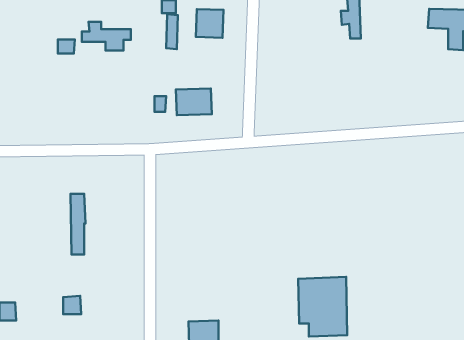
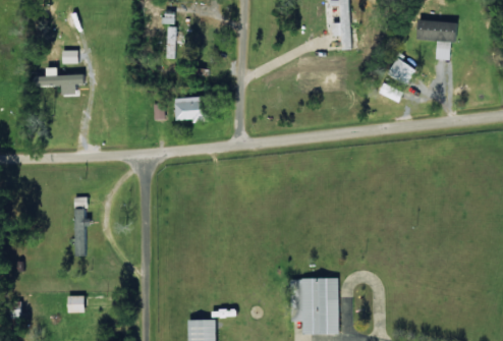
building: [196,9,223,38] -> none
building: [82,22,131,51] -> [38,67,85,95]
building: none -> [386,58,415,86]

